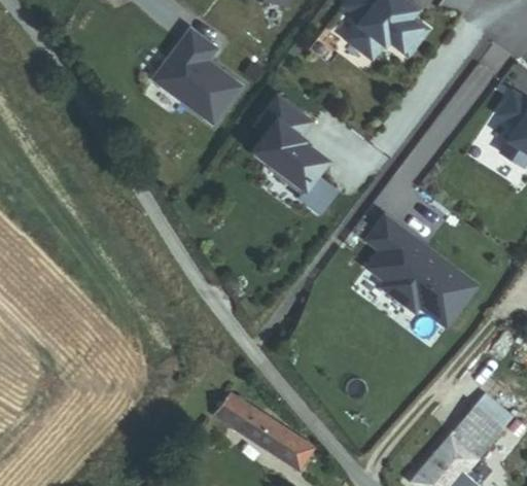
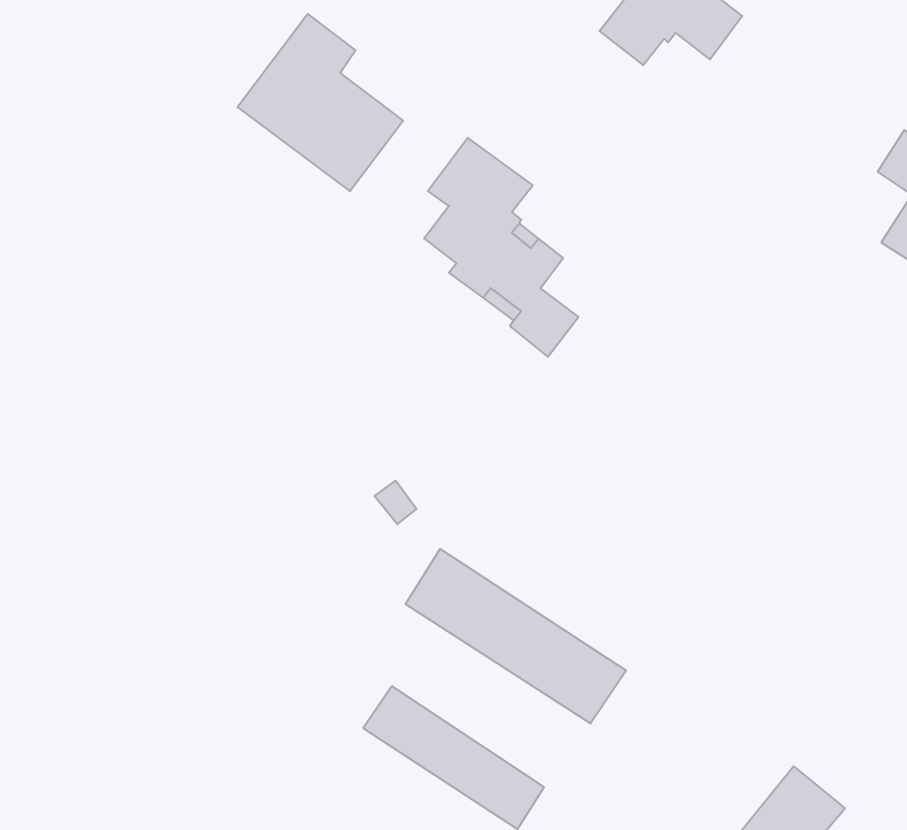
building: [366,214,478,326] -> none
building: none -> [405,549,626,724]
building: [453,407,504,458] -> none

